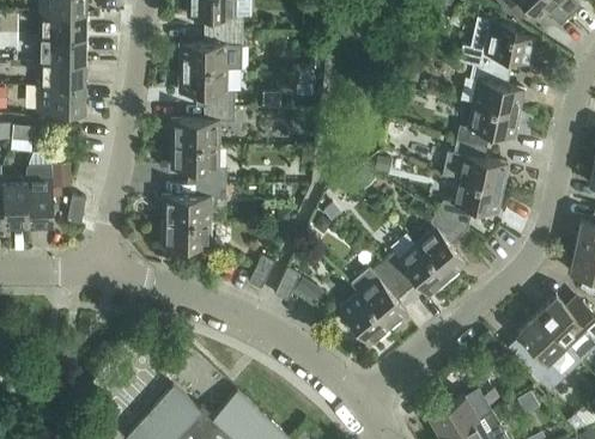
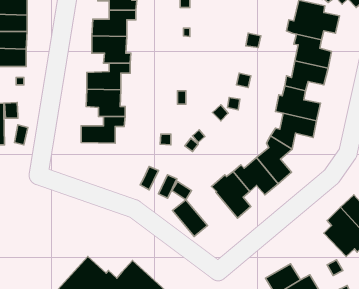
building: [163,221,213,248] -> none
building: [339,293,389,346] -> [173,200,207,236]

